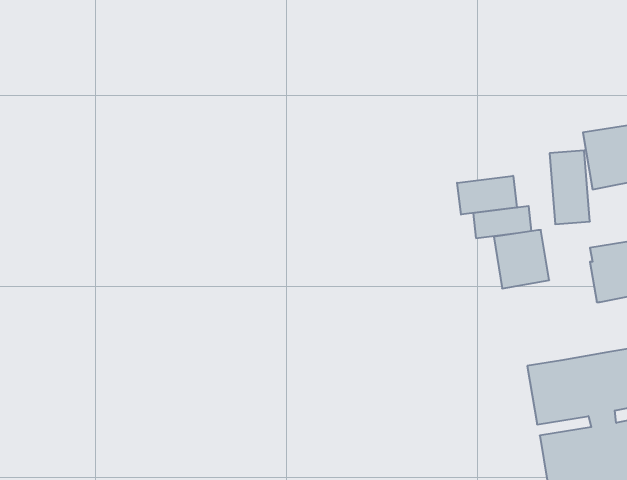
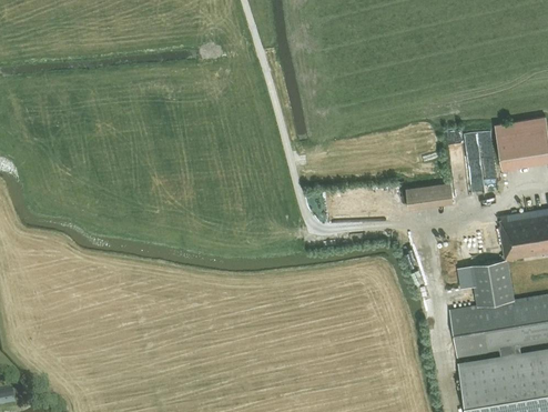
building: [457,176,517,215] -> none
building: [494,230,549,288] -> [469,260,514,307]

